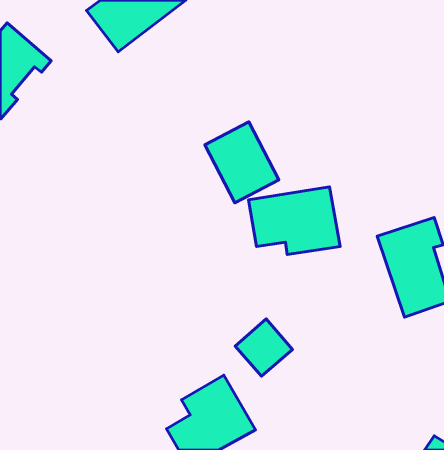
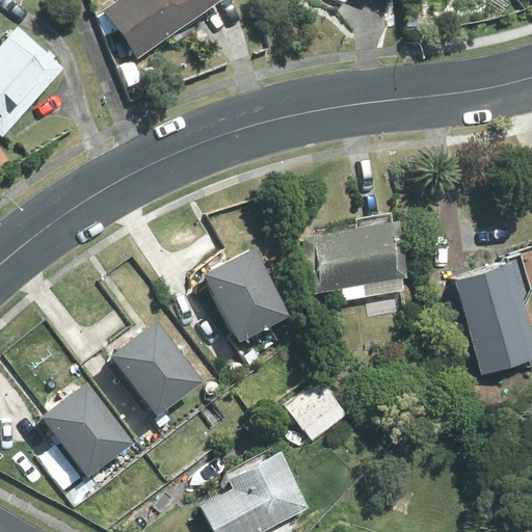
building: [205,122,279,203] -> [202,246,289,342]
building: none -> [108,320,202,418]
building: none -> [39,381,130,476]

